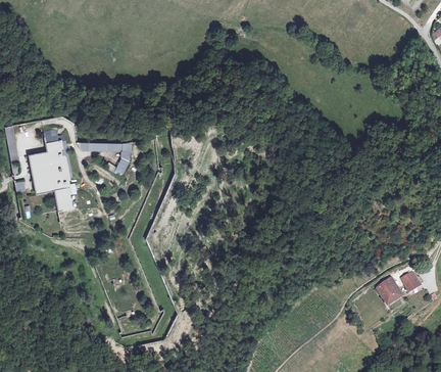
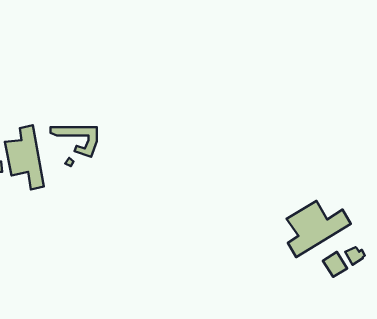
building: none -> [286,201,351,257]

